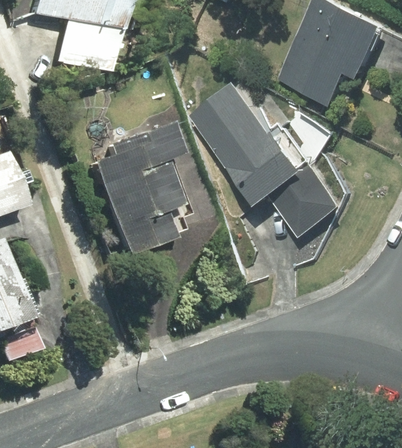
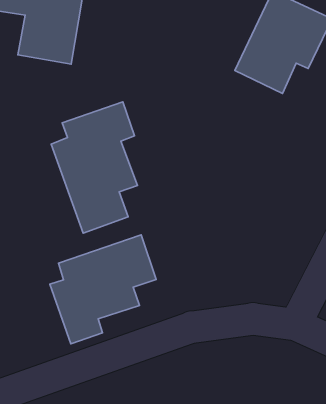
building: [198,76,351,239] -> none
building: none -> [50,235,156,344]

